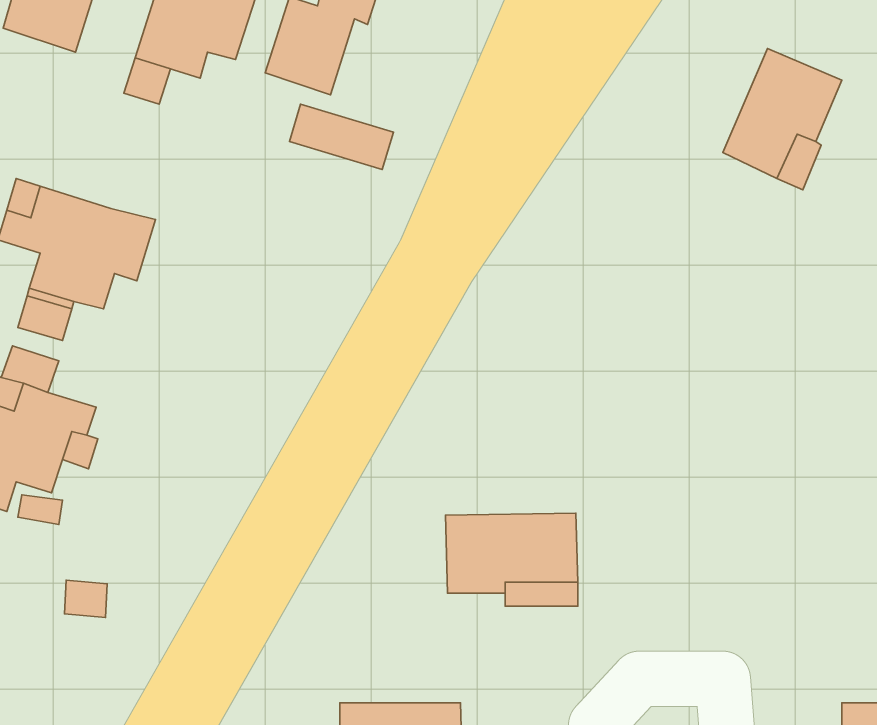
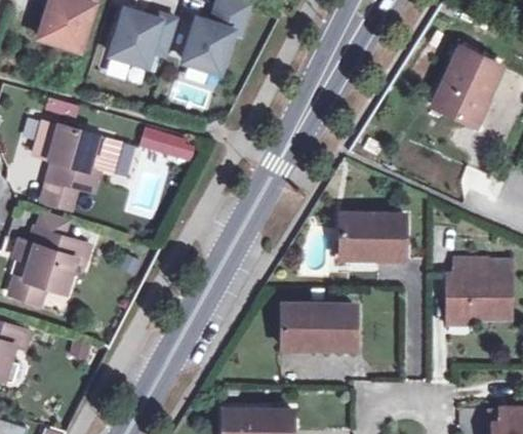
building: [289,104,393,169] -> [139,125,197,161]
building: none -> [339,213,403,259]
building: none -> [446,259,508,318]

